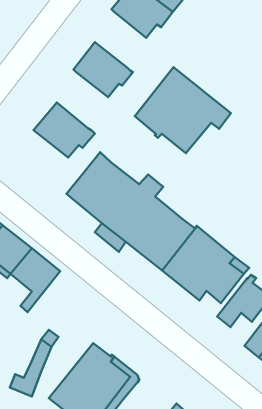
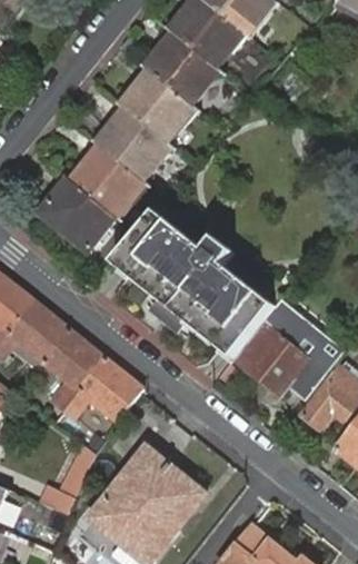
building: none -> [146,33,217,103]
building: [135,67,231,153] -> none
building: none -> [96,109,168,179]
building: none -> [39,177,115,251]
building: none -> [63,358,141,420]

